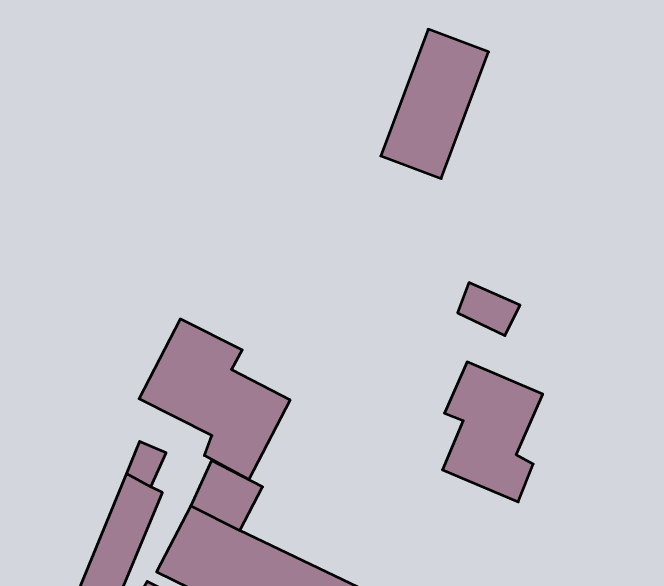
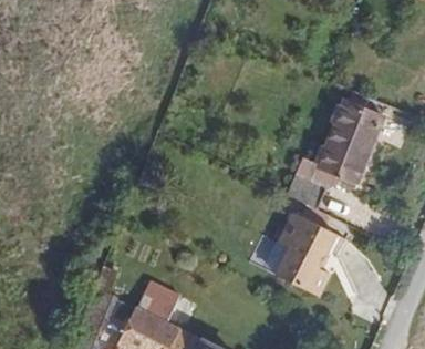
building: [381,29,489,179] -> [322,99,385,186]
building: [139,319,290,480] -> none

